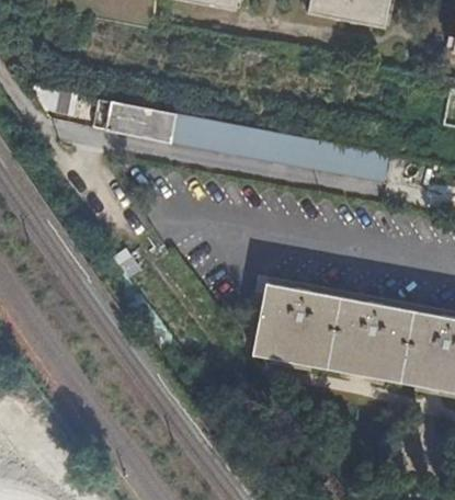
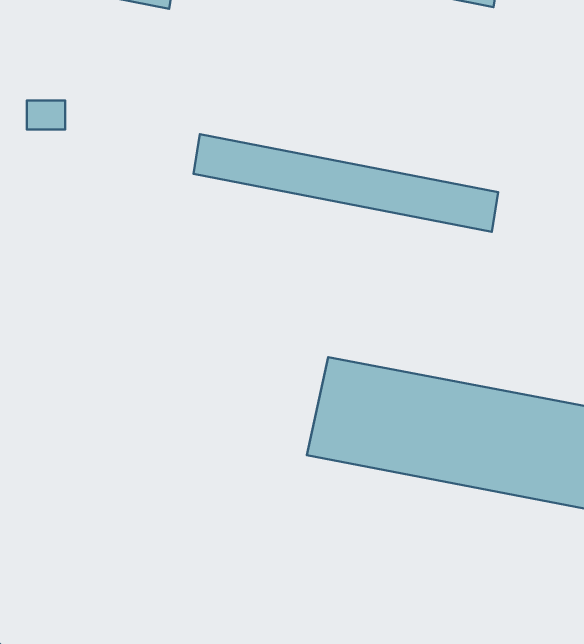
building: [100,102,174,144] -> none

